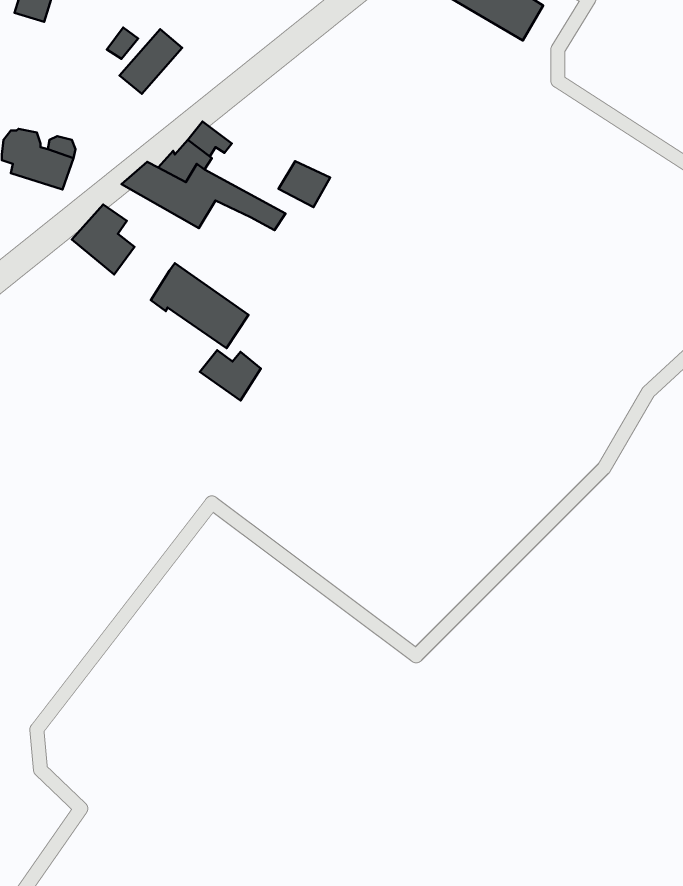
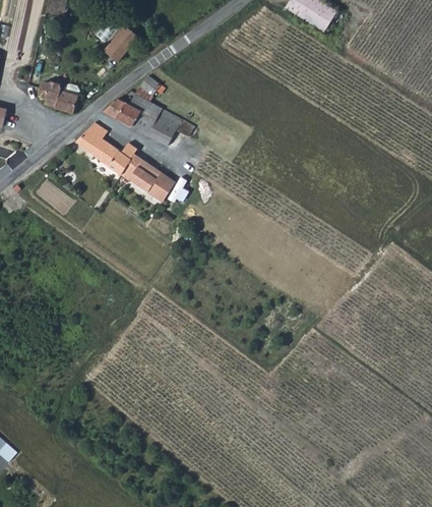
building: [279,161,330,207] -> [146,120,175,146]
building: none -> [100,144,136,175]
building: [200,350,261,400] -> none

